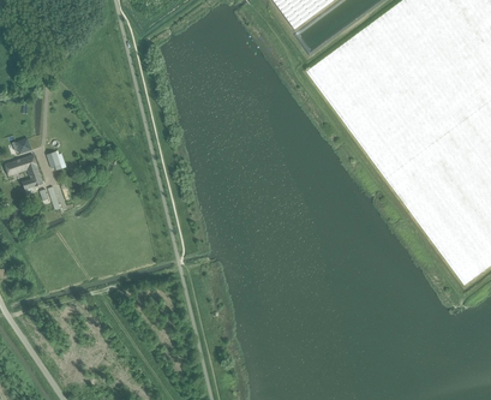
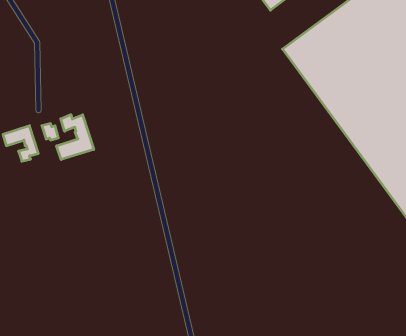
building: none -> [57,115,94,160]

